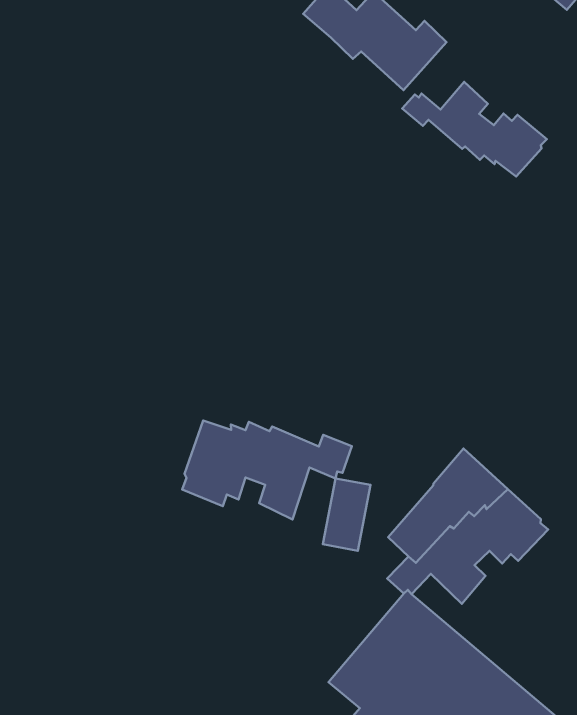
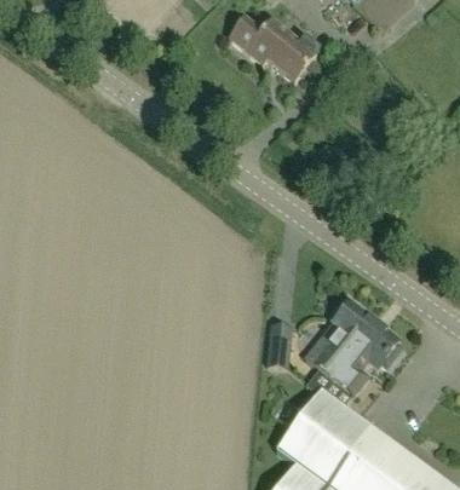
building: [402,82,547,176] -> none
building: [182,421,352,520] -> none

